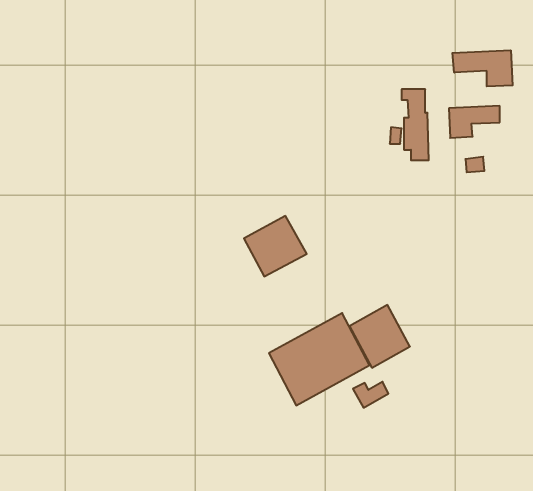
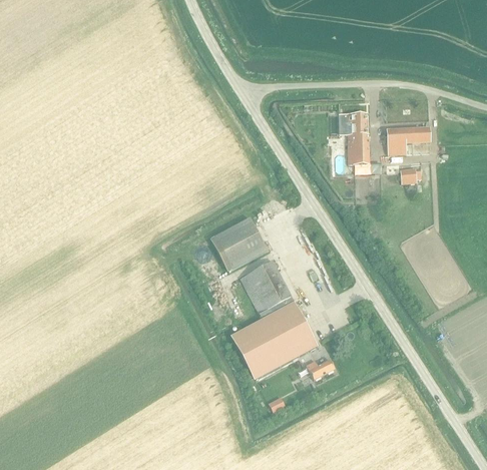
building: [452,50,513,86] -> none
building: [349,305,410,368] -> [238,261,290,314]

